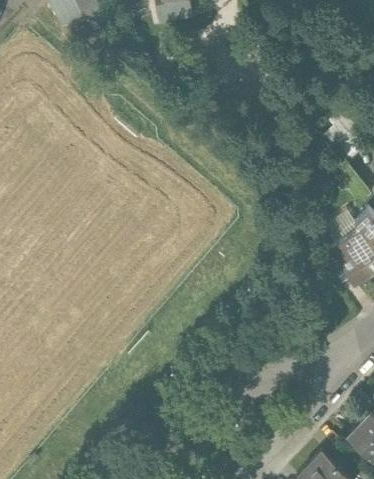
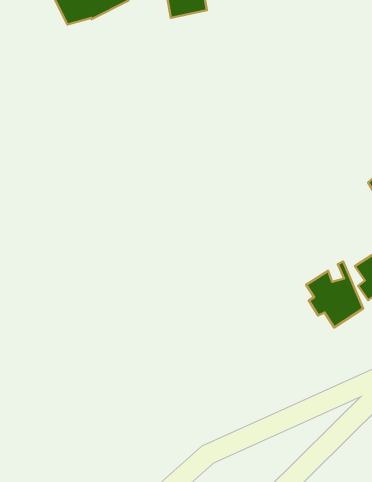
building: none -> [306,262,363,328]

